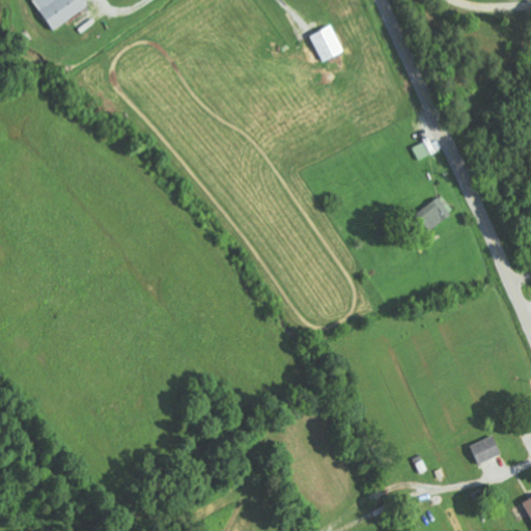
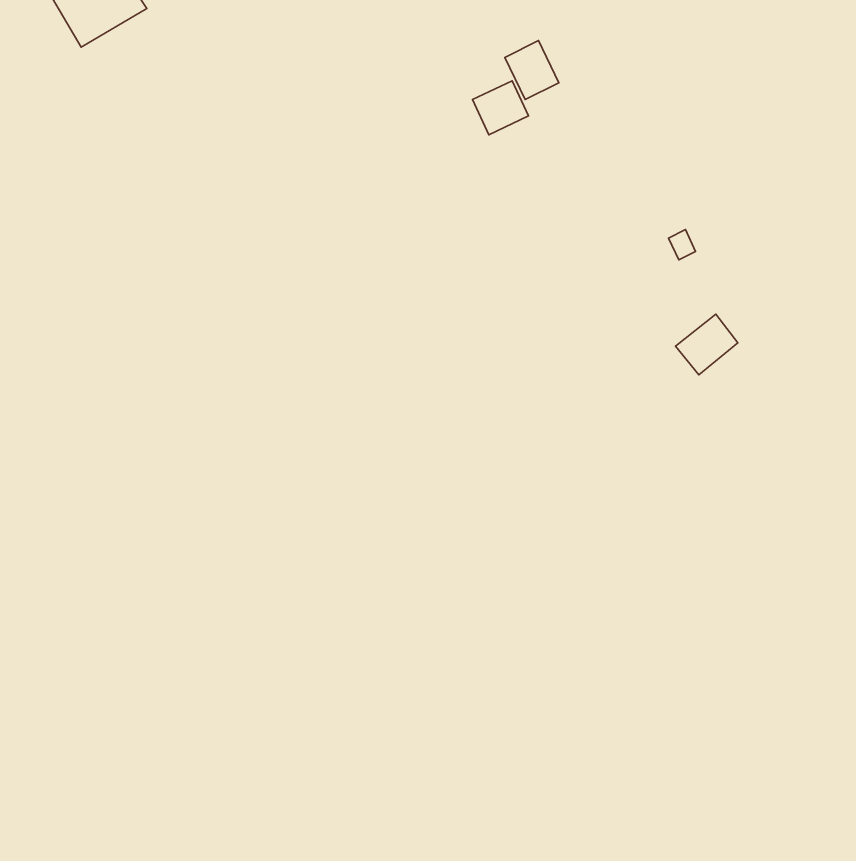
building: none -> [473,81,528,135]
building: [469,435,501,464] -> none

